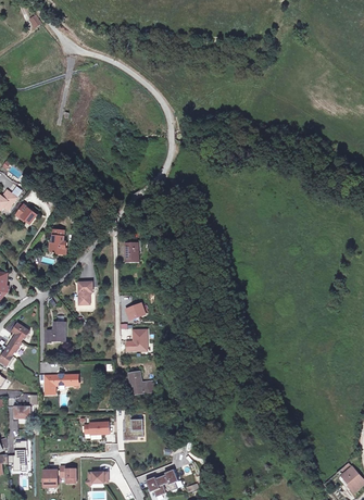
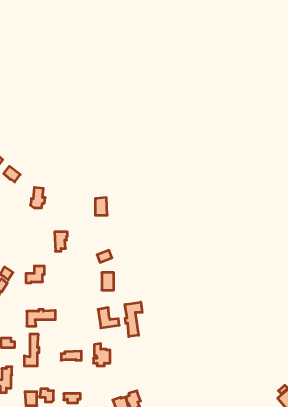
building: none -> [125,302,142,337]
building: none -> [24,334,39,366]

